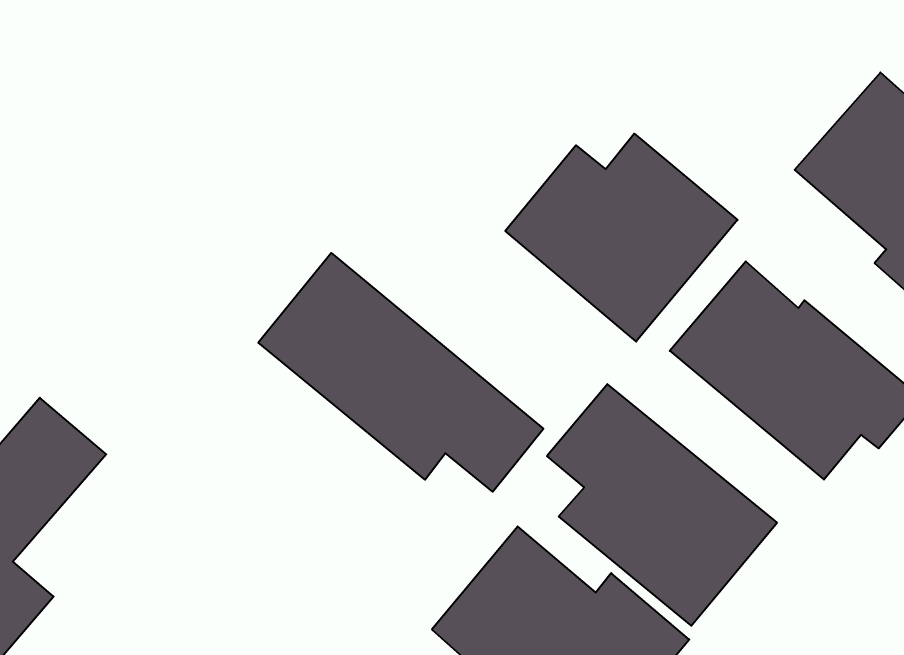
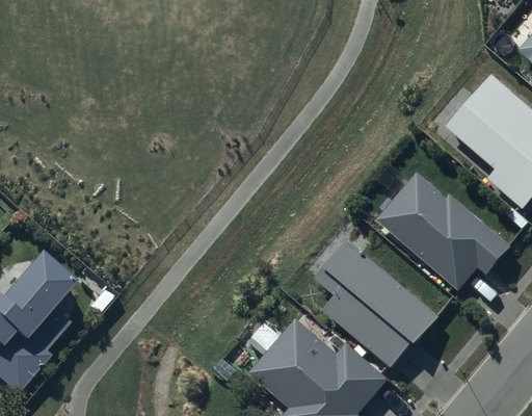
building: [505,134,738,342] -> none
building: [258,253,543,492] -> none

